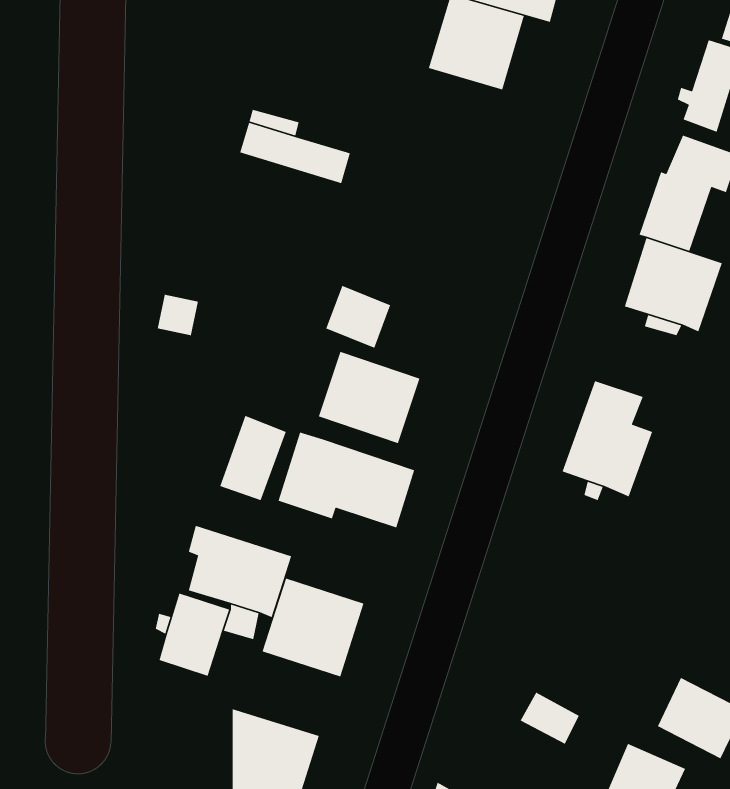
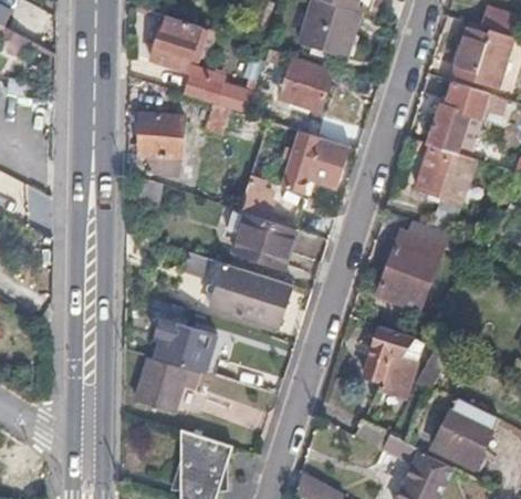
building: none -> [149,15,200,72]
building: none -> [280,60,332,112]
building: none -> [140,113,183,177]
building: none -> [281,133,351,198]
building: none -> [364,326,417,401]
building: [262,577,365,678] -> none

